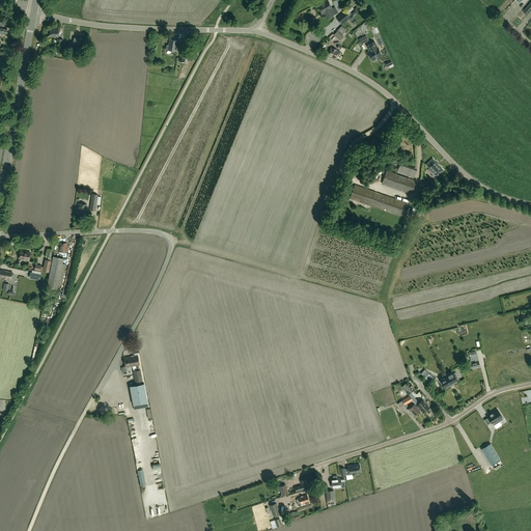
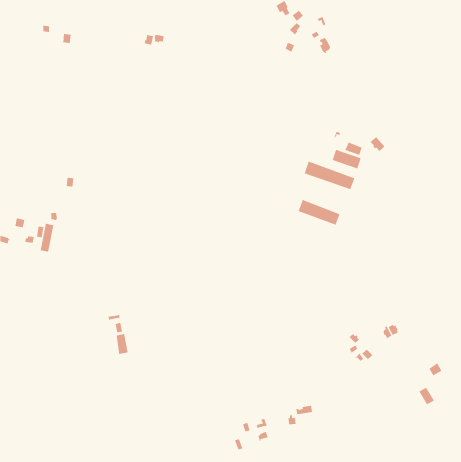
building: none -> [298,199,340,226]

